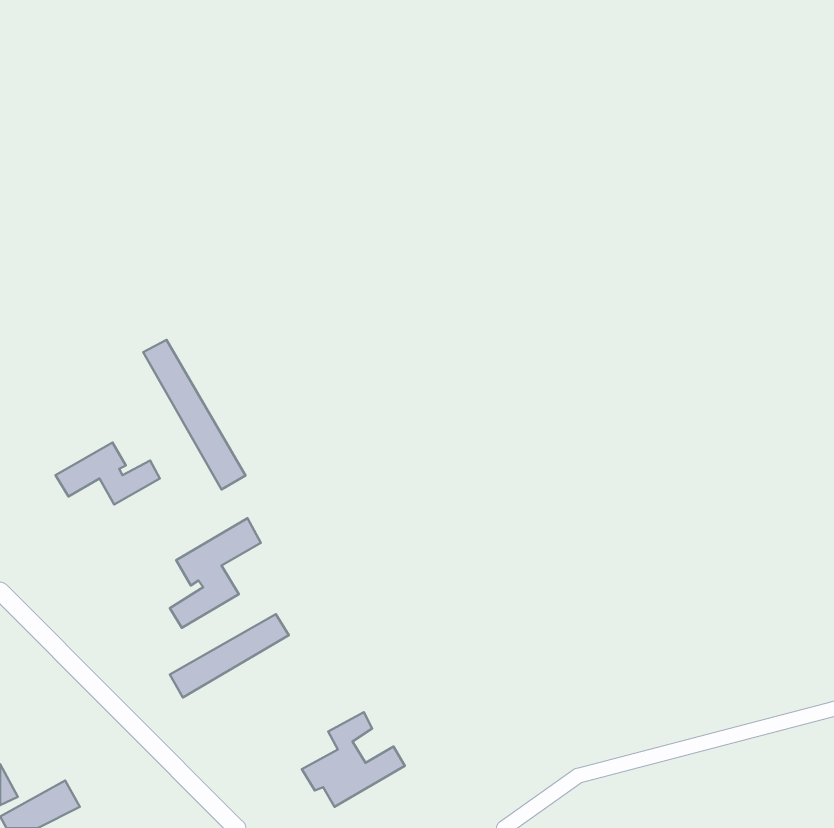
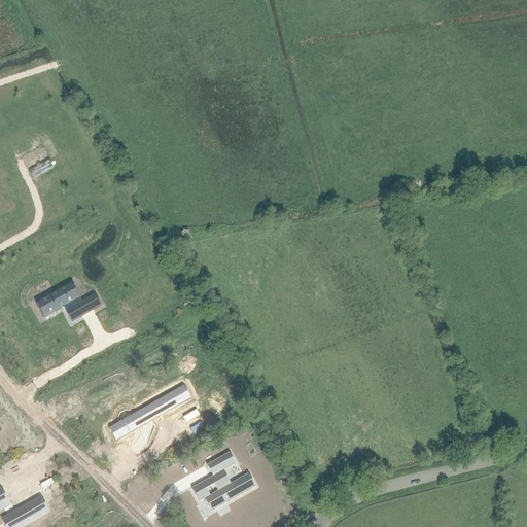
building: [143,340,246,489] -> none
building: [170,518,261,628] -> none

